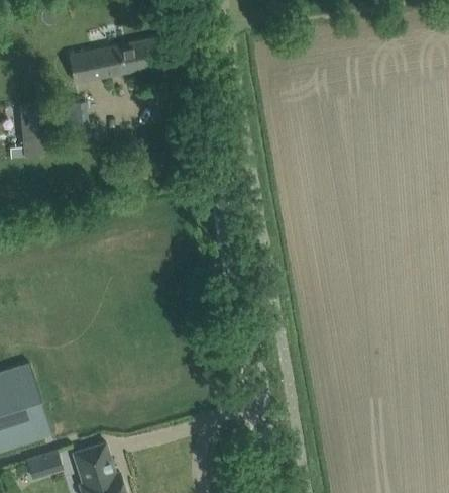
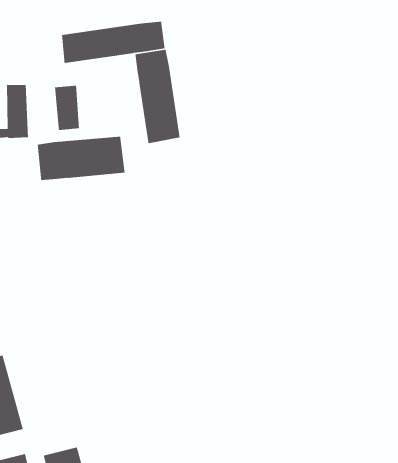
building: none -> [134,49,180,144]
building: none -> [37,136,125,181]

